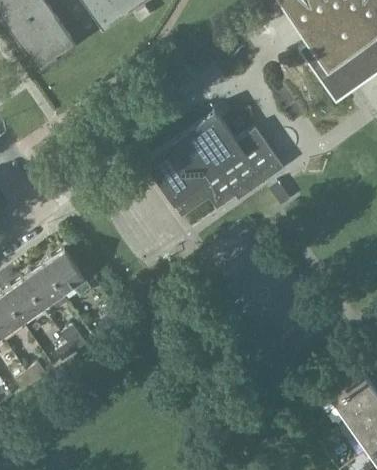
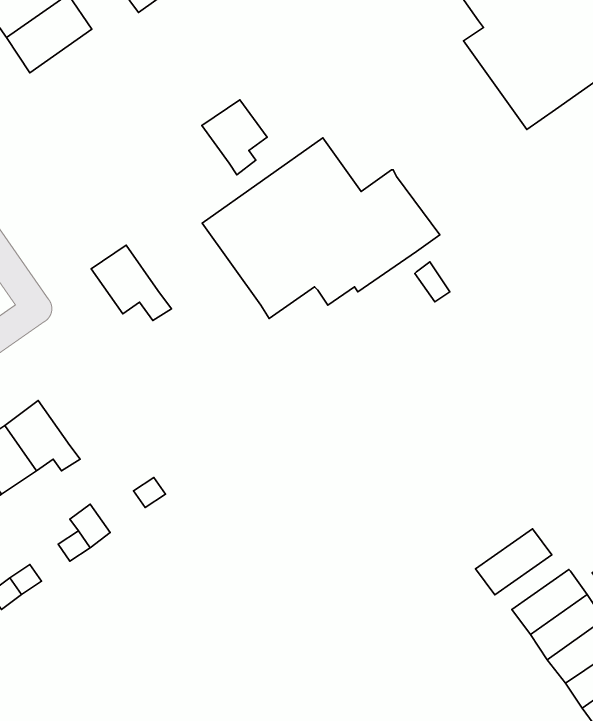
building: none -> [202,100,267,175]
building: [43,250,91,295] -> [91,245,171,321]
building: none -> [475,529,552,595]

